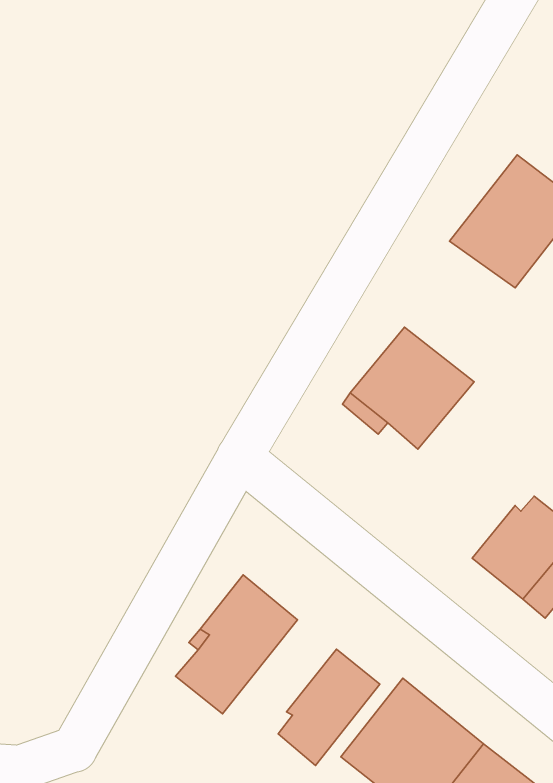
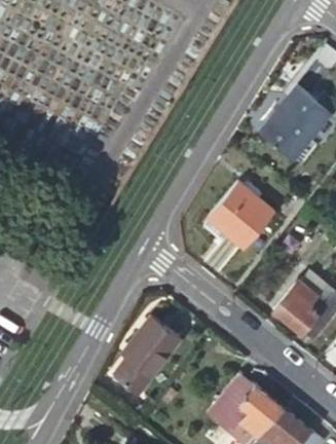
building: [278,649,380,765] -> none

